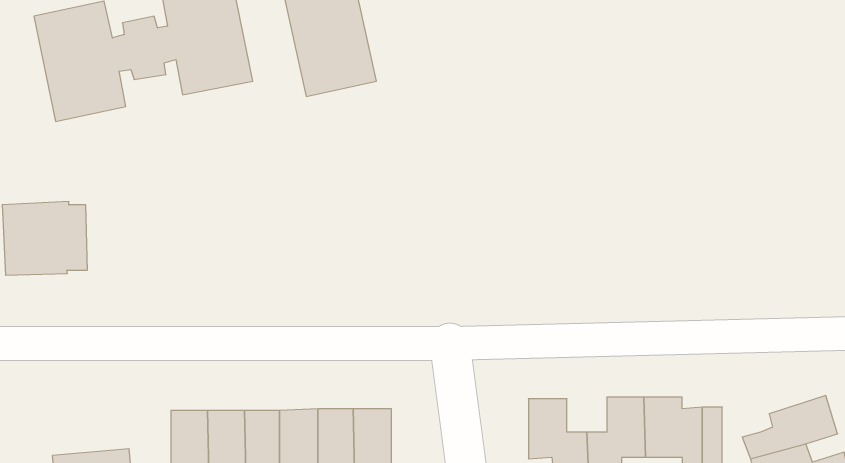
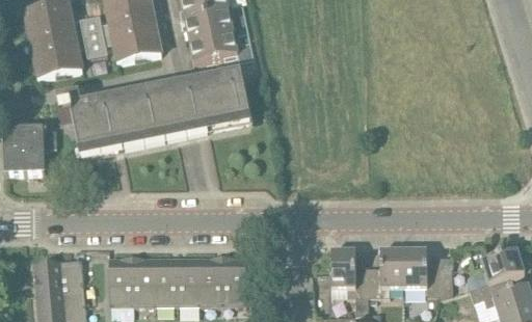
building: none -> [54,70,249,151]
building: none -> [32,258,82,285]

